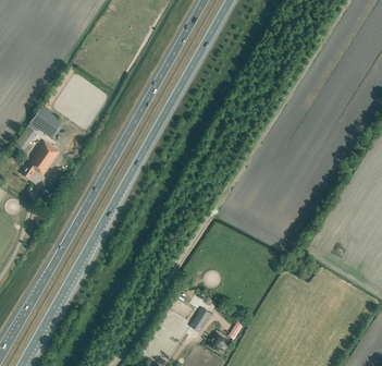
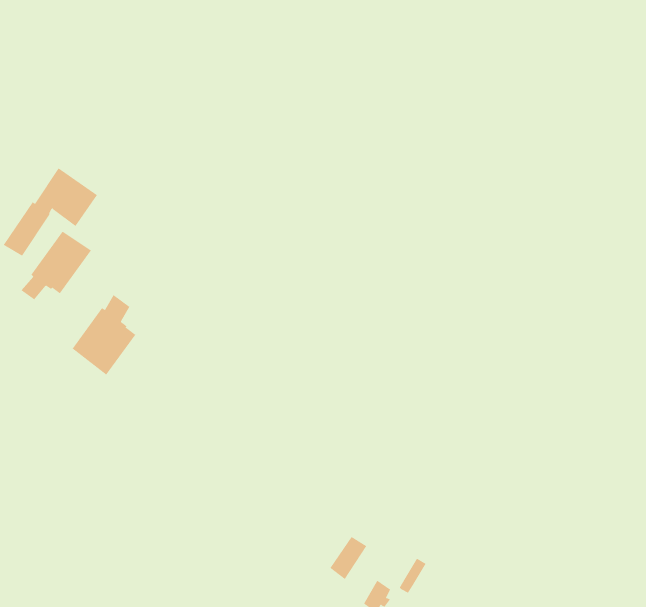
building: none -> [72,294,136,376]

